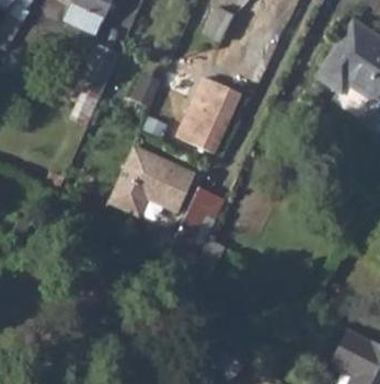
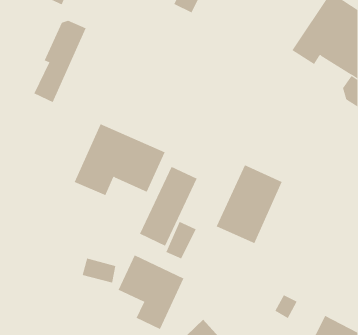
building: [176,77,240,152] -> [216,164,282,244]
building: none -> [118,254,184,330]

